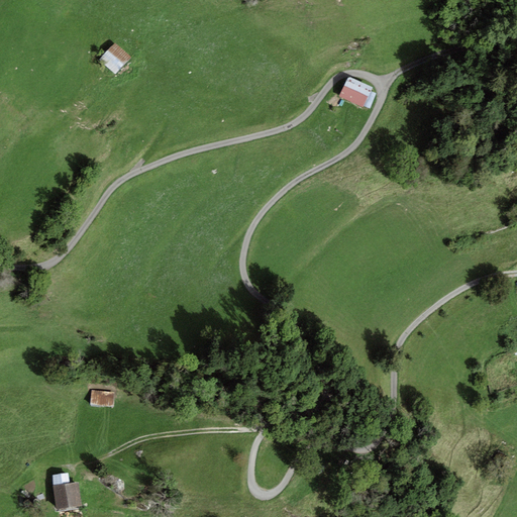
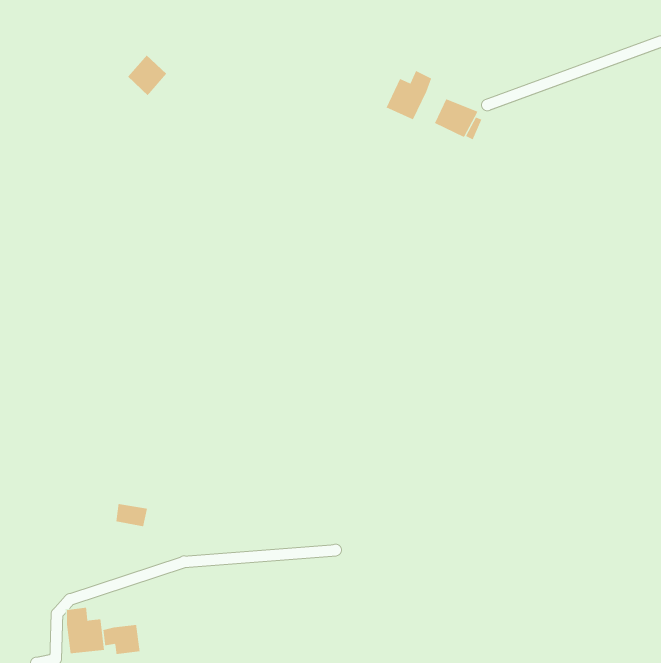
building: none -> [386,70,432,120]
building: none -> [103,624,140,655]

